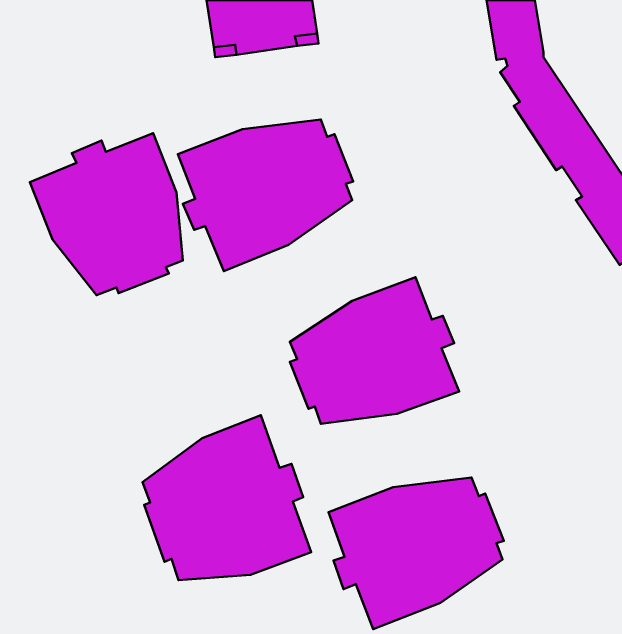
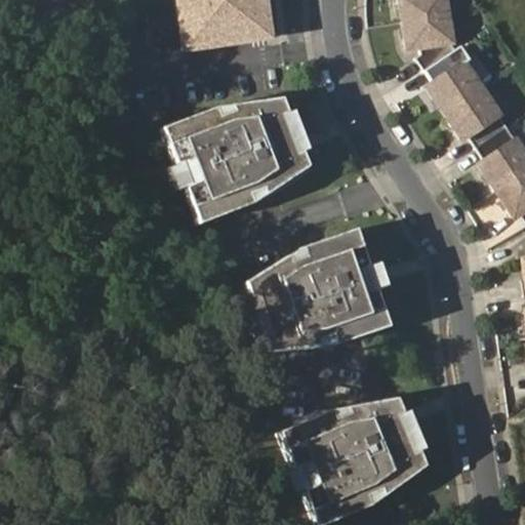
building: [30,133,183,295] -> none
building: [142,415,311,580] -> none

